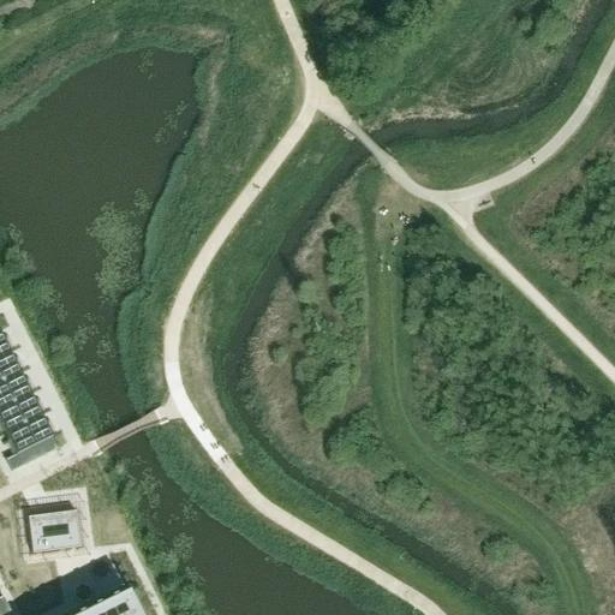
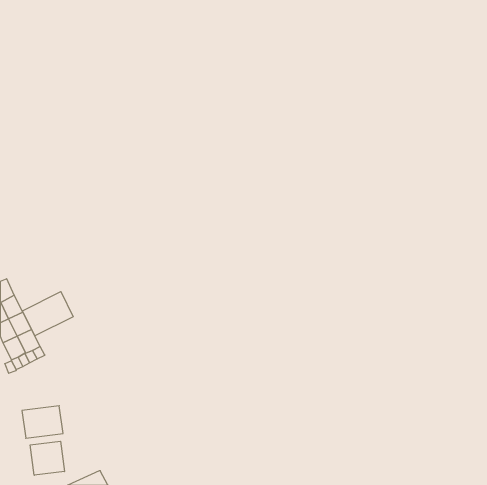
building: none -> [23,292,73,336]
building: none -> [30,441,64,475]

